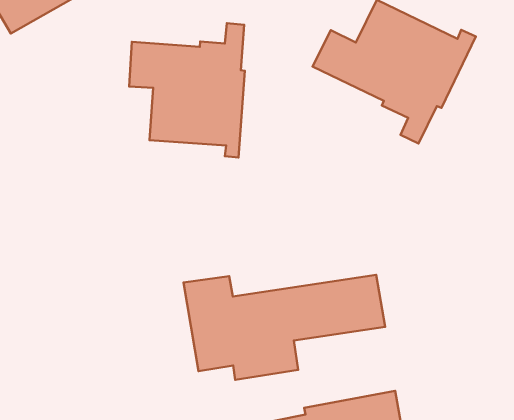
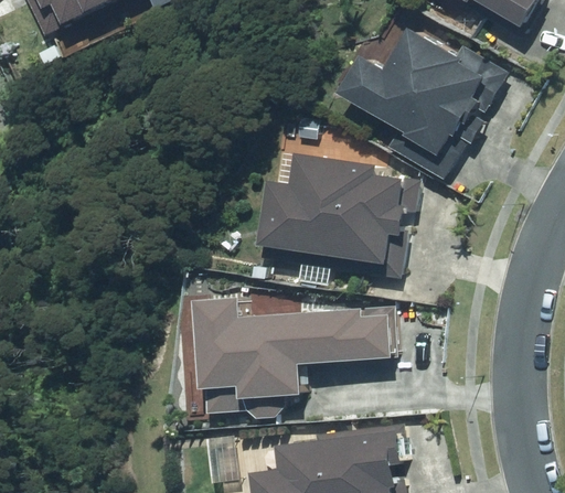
building: [129,23,245,158] -> none
building: none -> [256,152,413,277]

